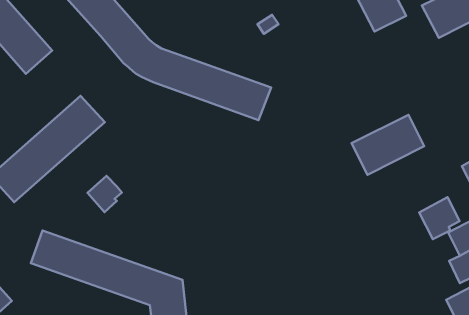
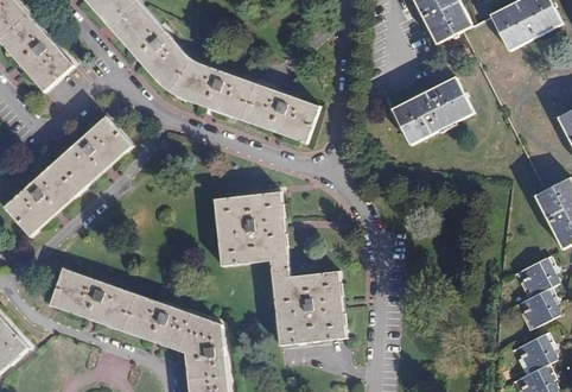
building: [352,115,424,175] -> [392,77,474,145]
building: none -> [214,192,345,346]
building: [87,176,122,212] -> none
building: [419,197,459,239] -> none

